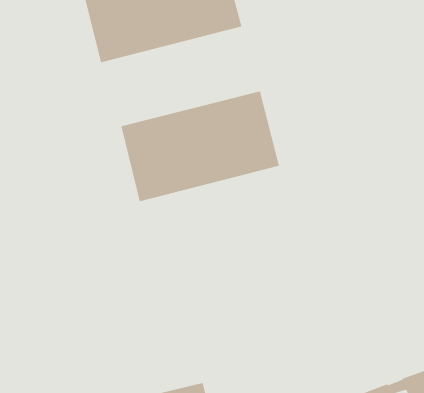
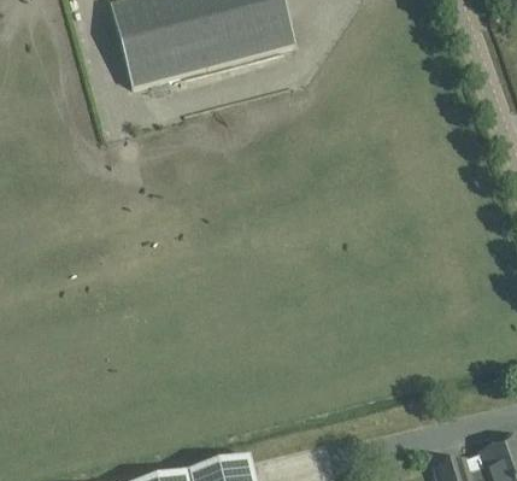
building: [120,90,280,202] -> none

